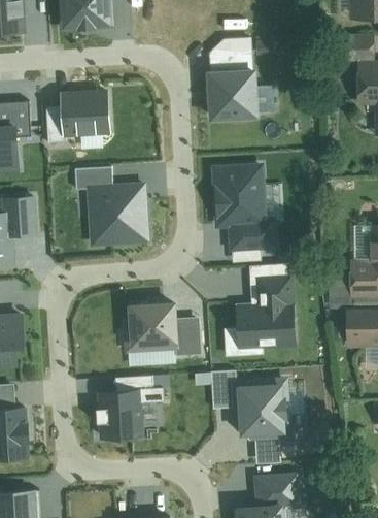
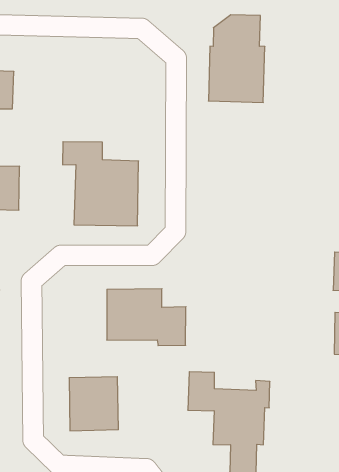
building: [48,89,113,143] -> none
building: [213,163,280,252] -> none
building: [238,273,300,350] -> none

